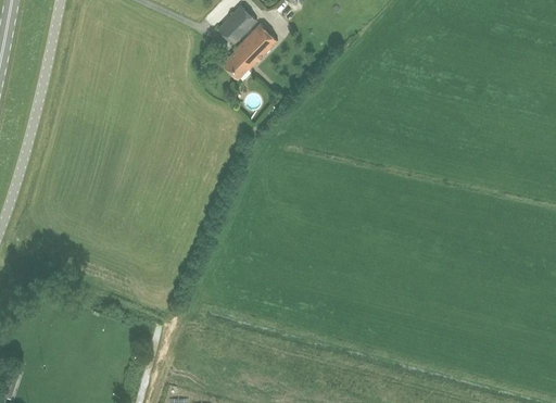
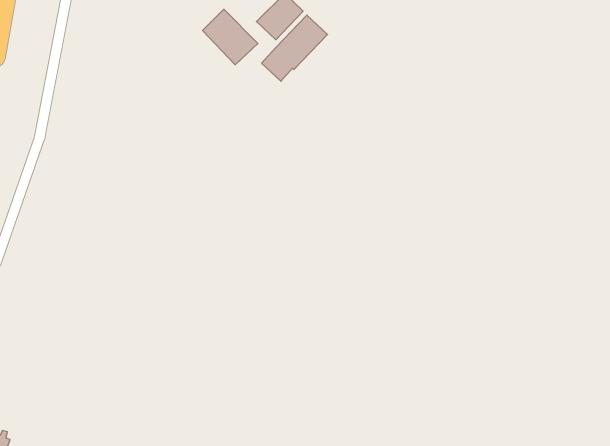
building: none -> [203,9,258,65]

